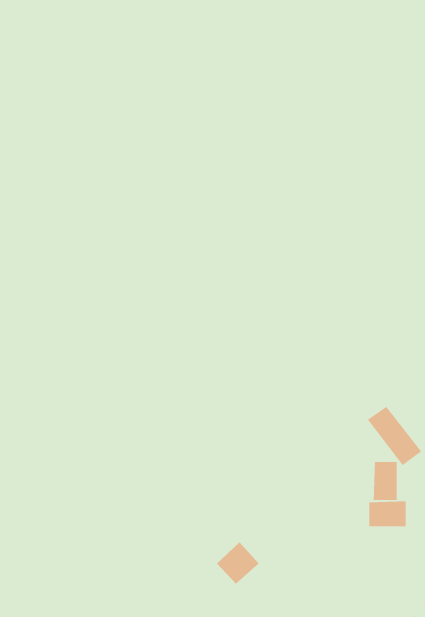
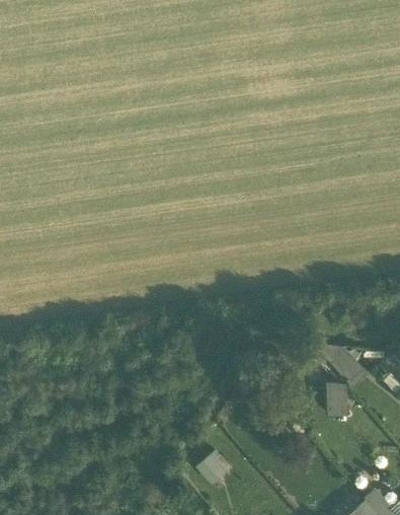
building: [369,500,406,527] -> none

